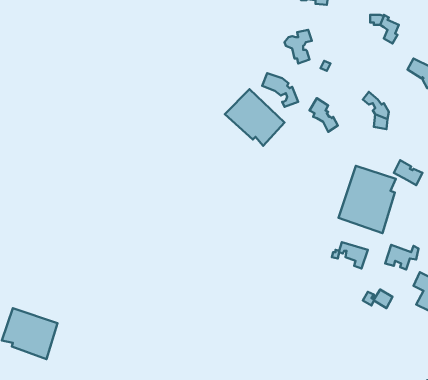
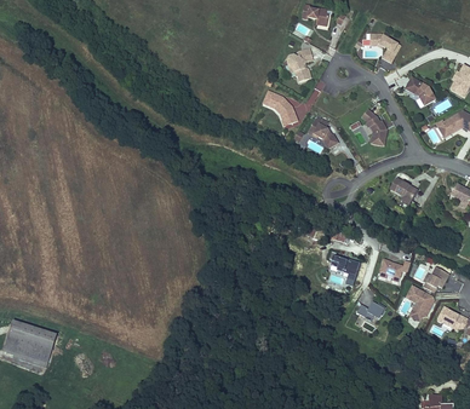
building: [225,89,285,146] -> none
building: [338,166,396,233] -> none

